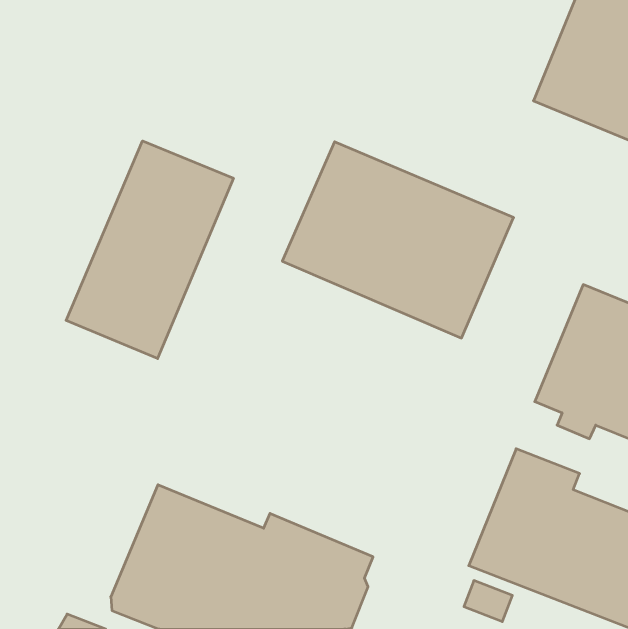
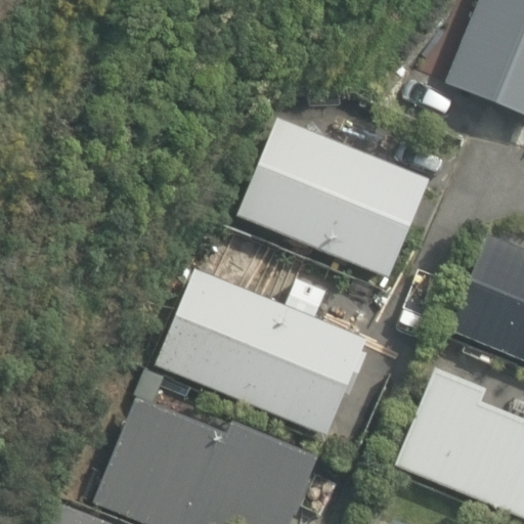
building: [66,141,233,359] -> none
building: none -> [157,267,368,435]

